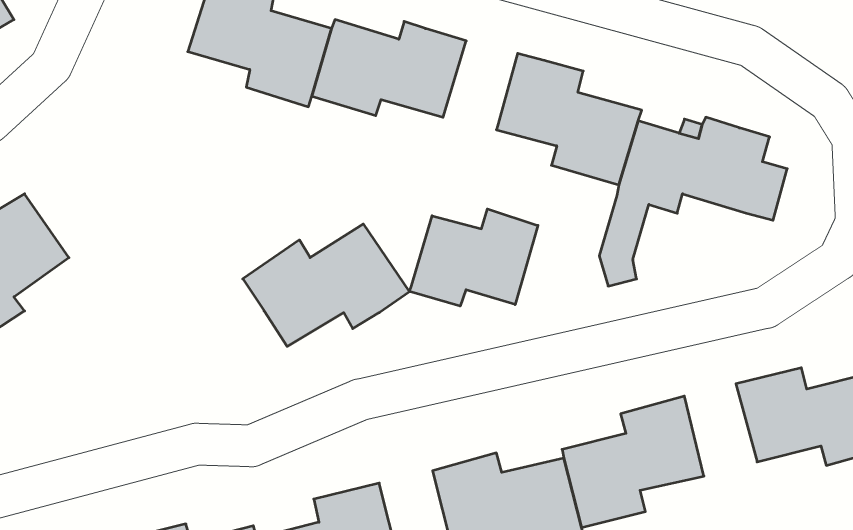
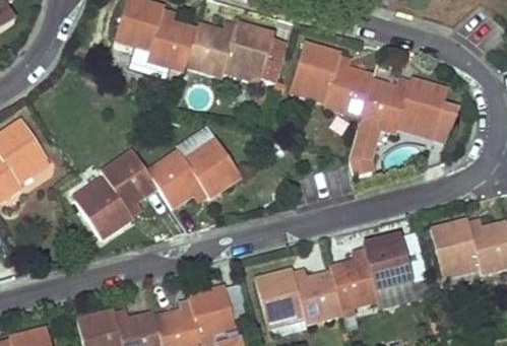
building: [409,209,538,306] -> none
building: none -> [76,149,159,238]

